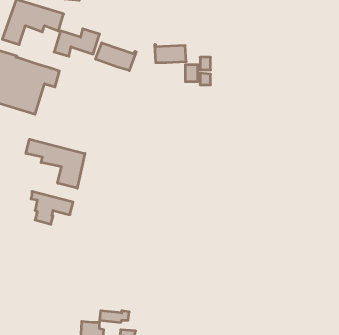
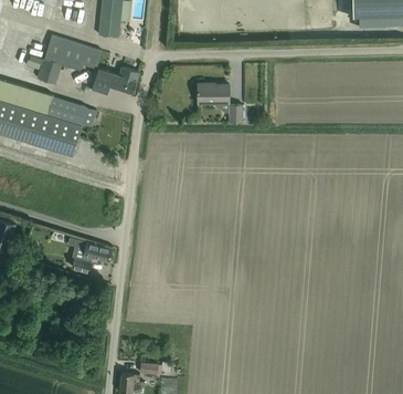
building: [96,43,136,71] -> none
building: [26,139,85,188] -> none

